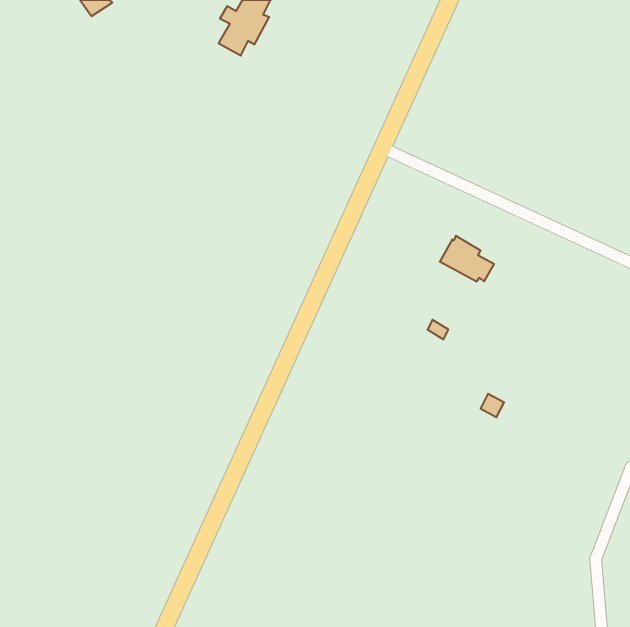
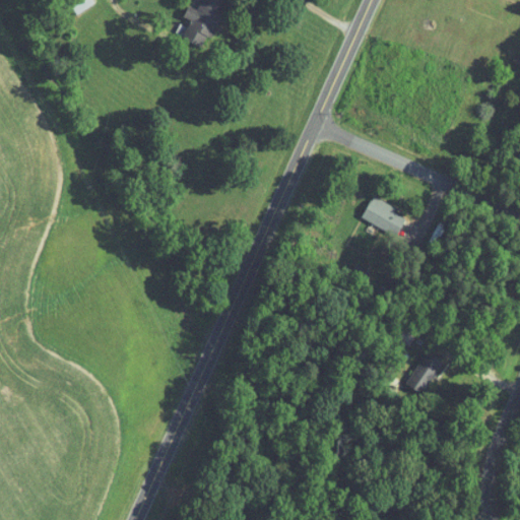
building: none -> [407,352,444,394]

